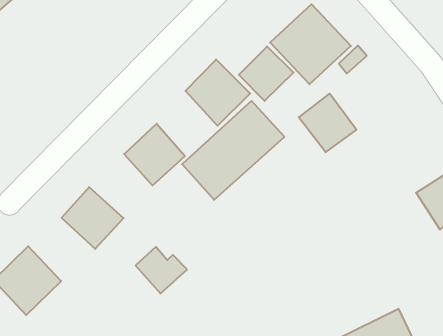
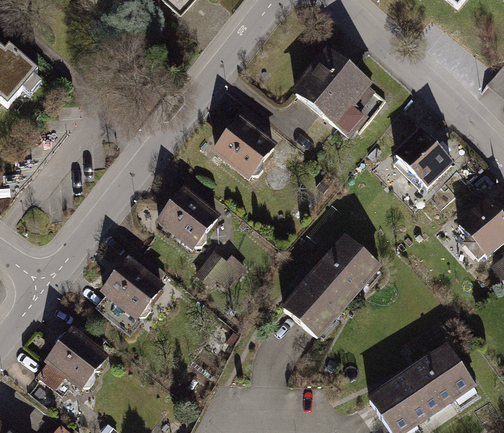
building: [239,46,294,101] -> none
building: [299,94,356,152] -> [393,128,452,187]
building: [182,101,284,200] -> [282,234,381,337]
building: [136,247,187,294] -> [196,245,248,291]

